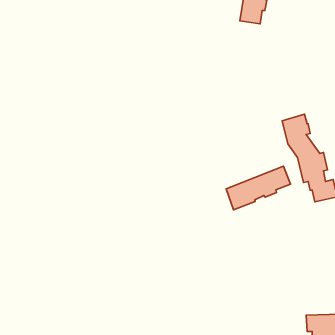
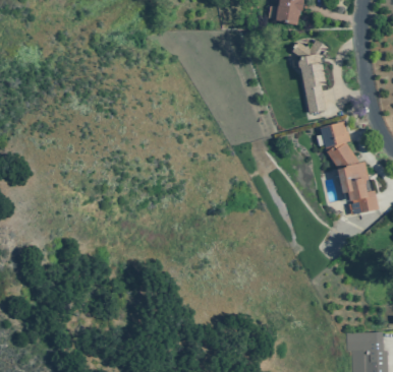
building: none -> [292,40,327,113]
building: [226,166,290,210] -> none

